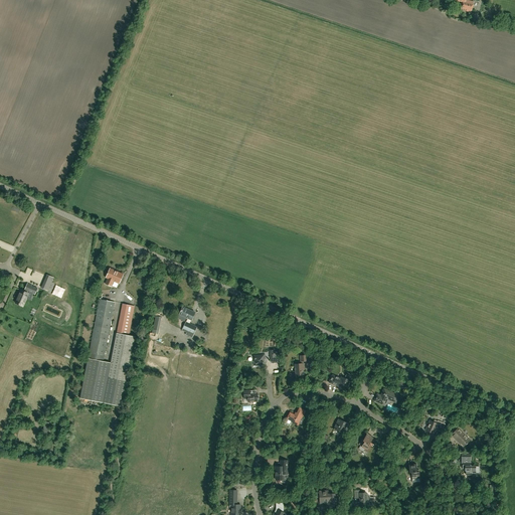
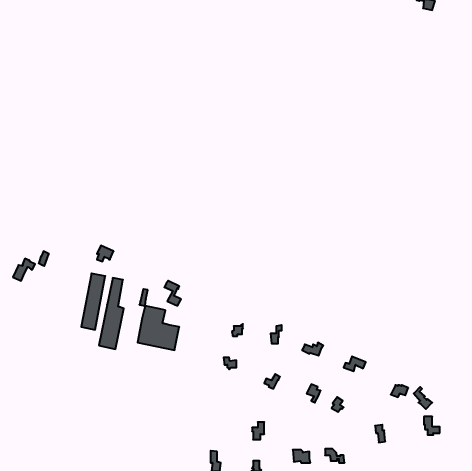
building: [80,357,126,405] -> [138,306,179,350]

